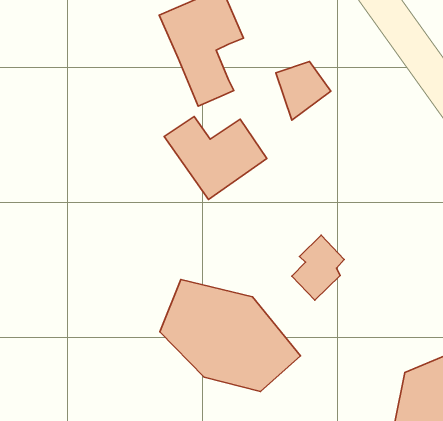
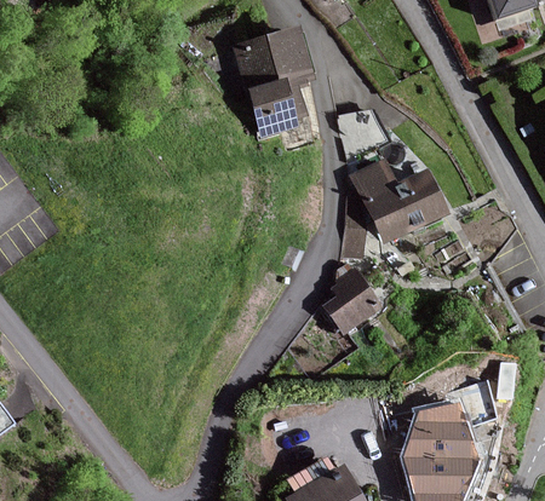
building: [164,117,267,200] -> [354,162,446,241]
building: [160,279,300,392] -> none

